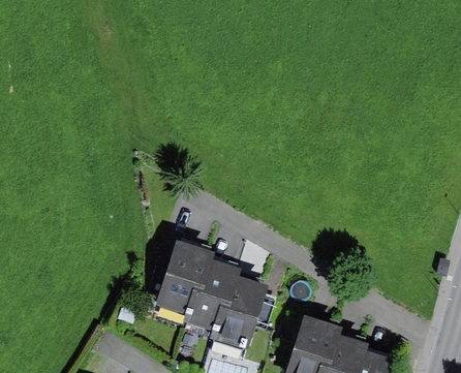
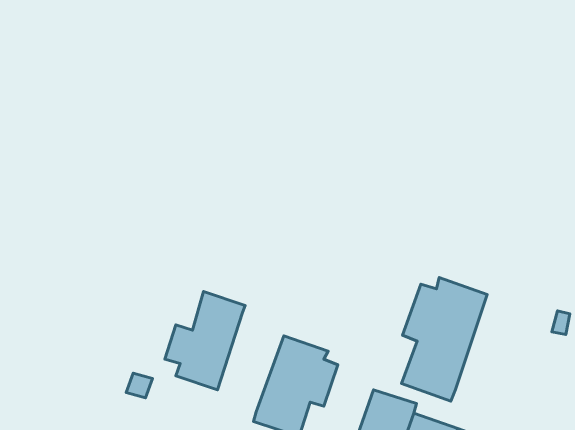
building: none -> [401,277,487,401]
building: [184,257,238,332] -> none

